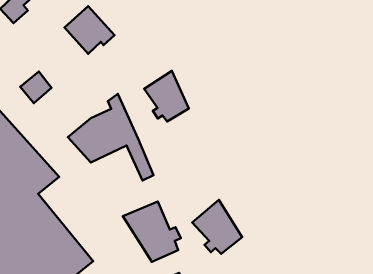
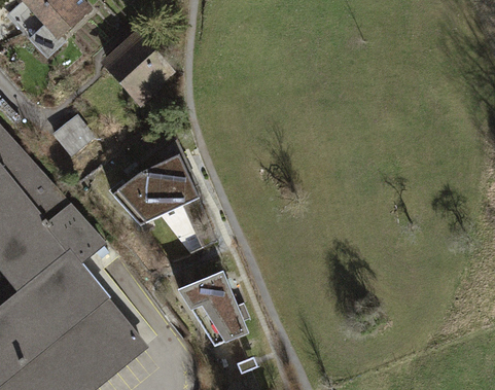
building: [144,71,189,122] -> none
building: [192,200,242,254] -> none

